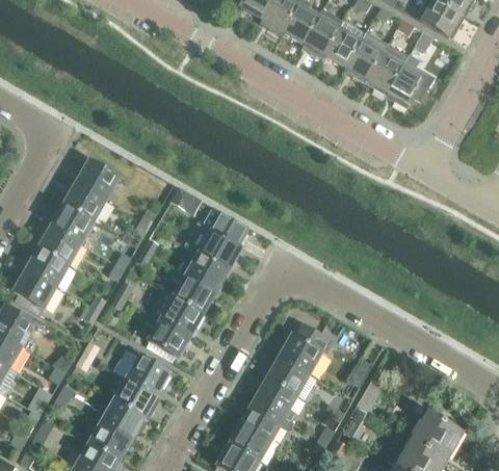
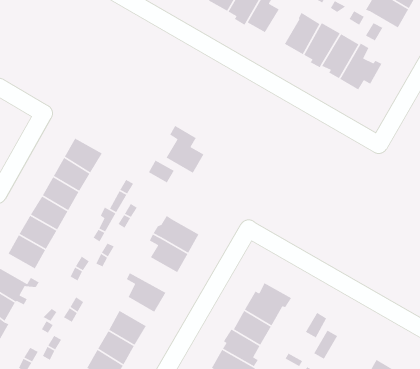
building: [303,17,340,56] -> none
building: [198,215,241,270] -> [166,125,204,174]
building: [150,291,204,336] -> none

